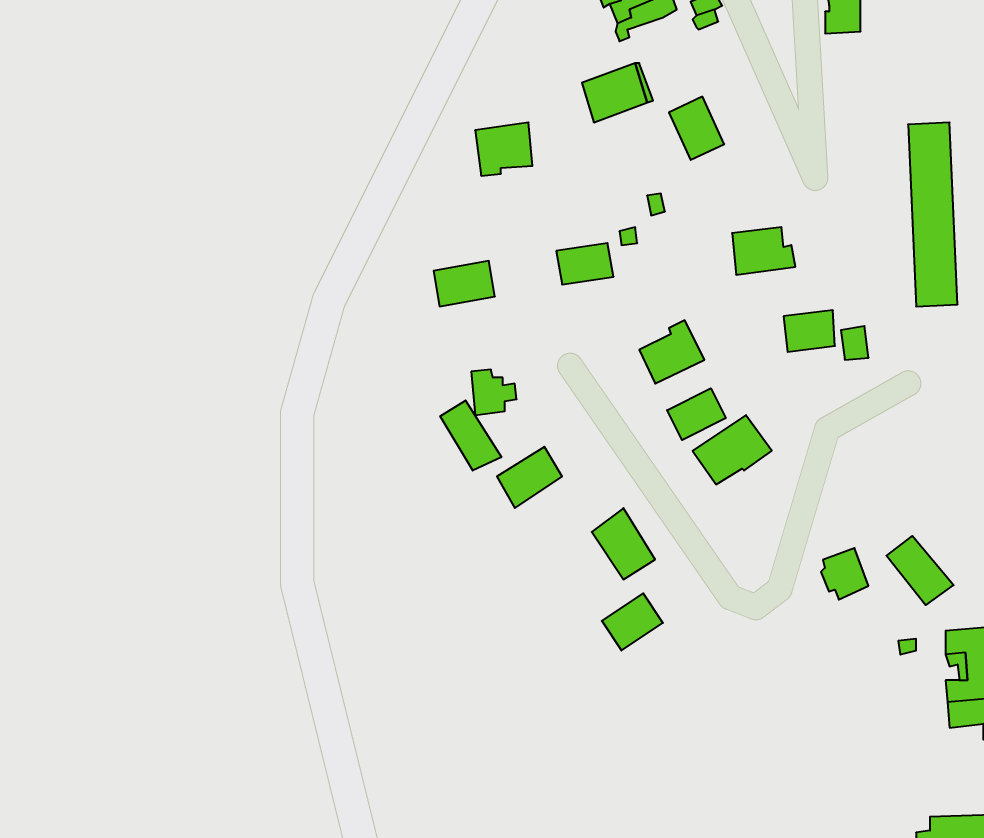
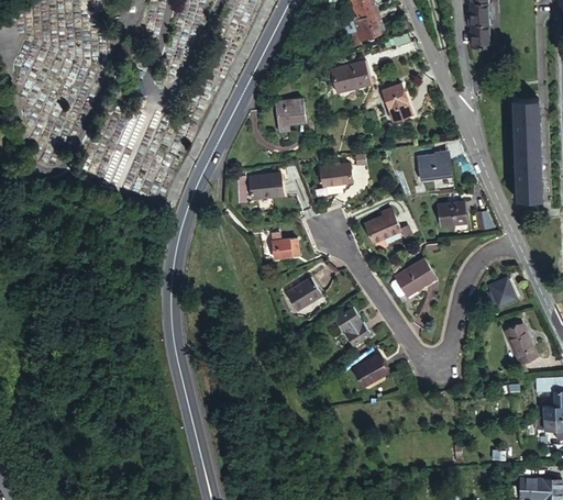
building: [667,388,726,440] -> none
building: [440,400,501,471] -> none
building: [821,548,868,600] -> [490,276,517,304]

